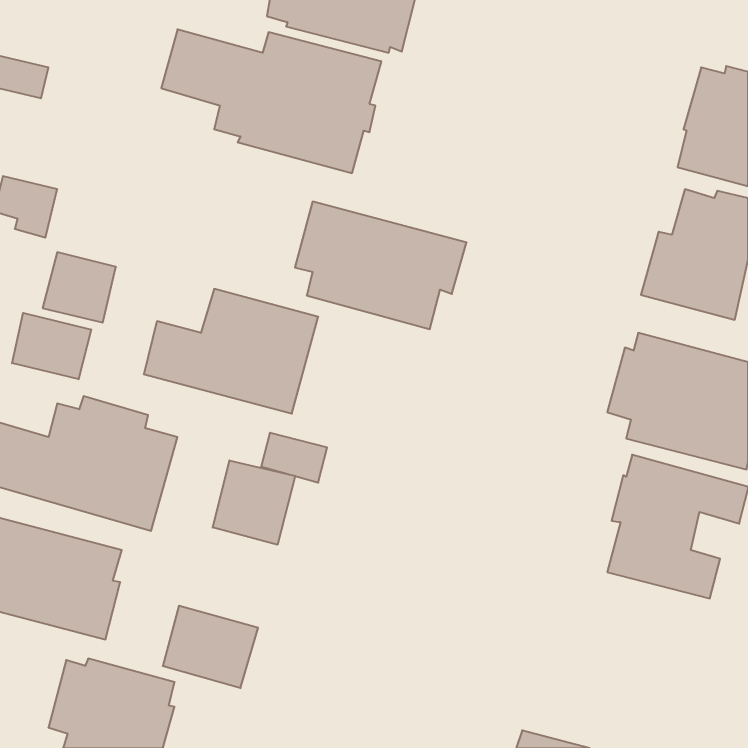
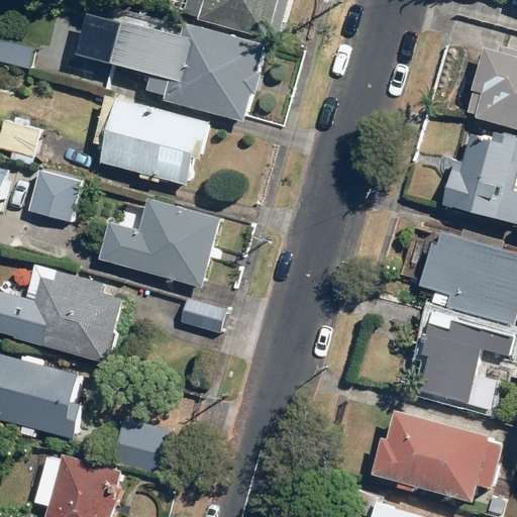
building: none -> [73,10,122,61]
building: [295,202,467,329] -> [93,96,211,184]
building: [12,313,91,379] -> none
building: [213,460,295,545] -> none
building: none -> [371,414,504,507]

